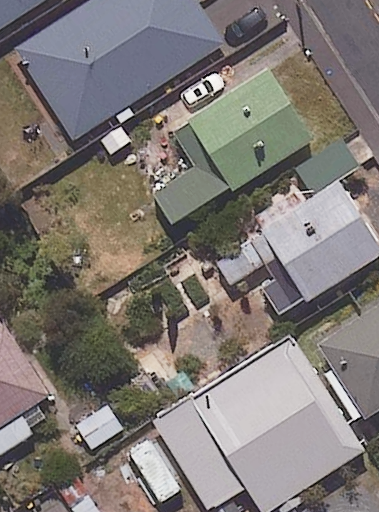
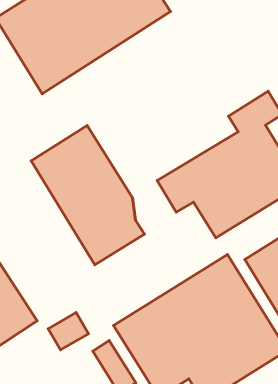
building: [154,65,312,227] -> none
building: none -> [31,126,144,265]

